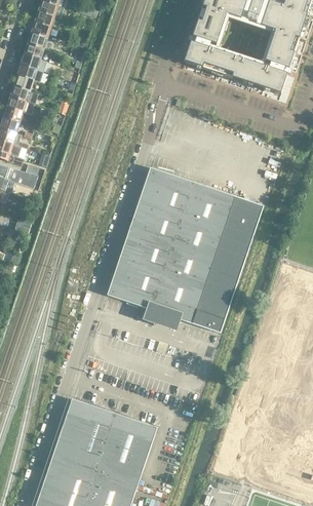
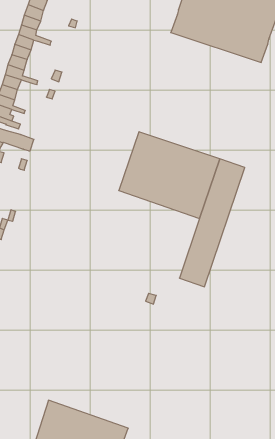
building: [107,231,214,325] -> none
building: [53,398,158,484] -> none

